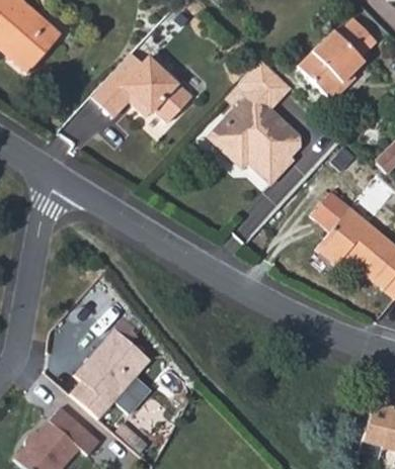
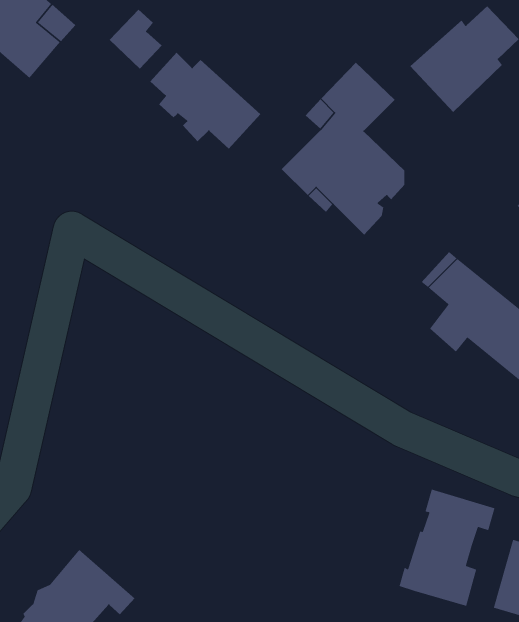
building: [92,72,131,115] -> [109,9,162,70]
building: [73,330,152,417] -> none
building: none -> [398,489,496,607]

